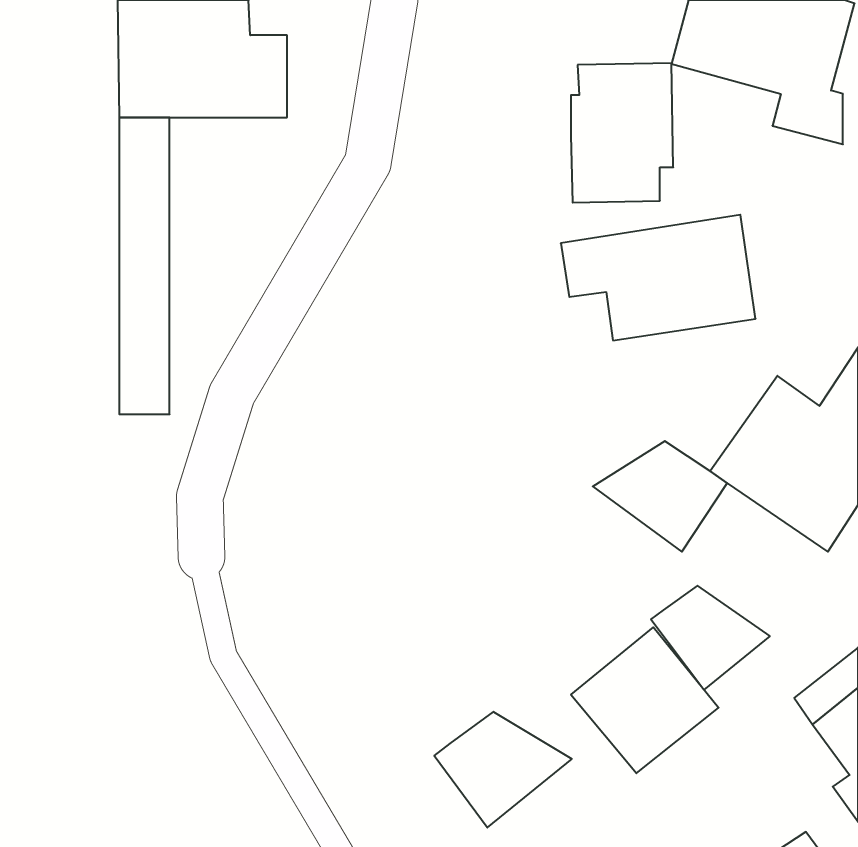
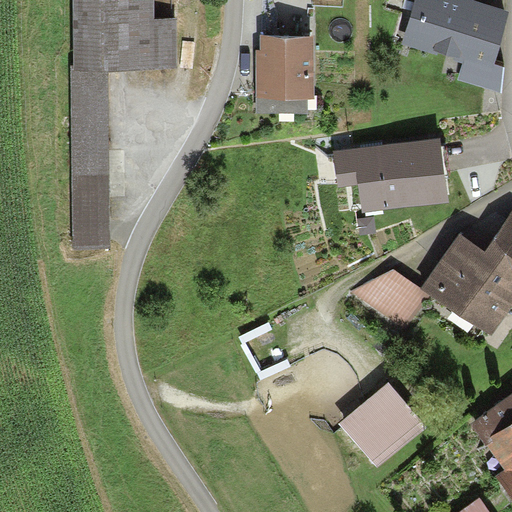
building: [571,63,673,203] -> [256,31,317,114]
building: [651,586,770,690] -> none
building: [434,712,572,828] -> none

